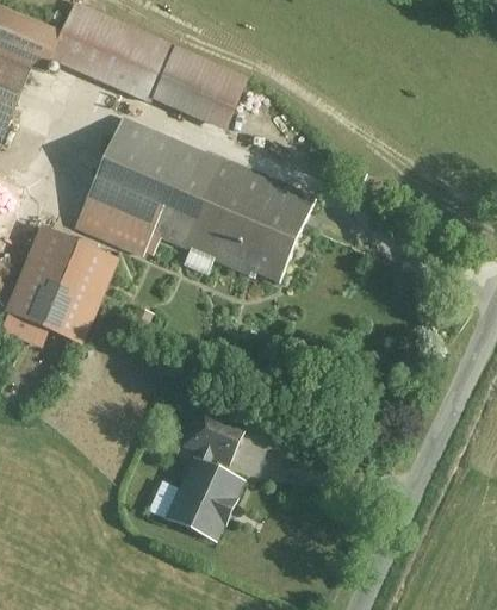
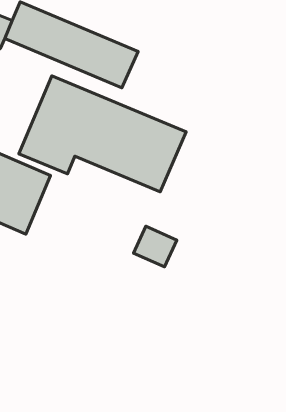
building: [180,405,243,465] -> [134,226,177,267]
building: [163,459,243,543] -> none

